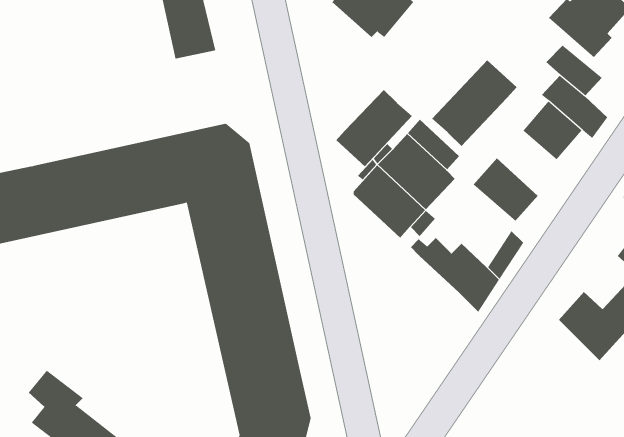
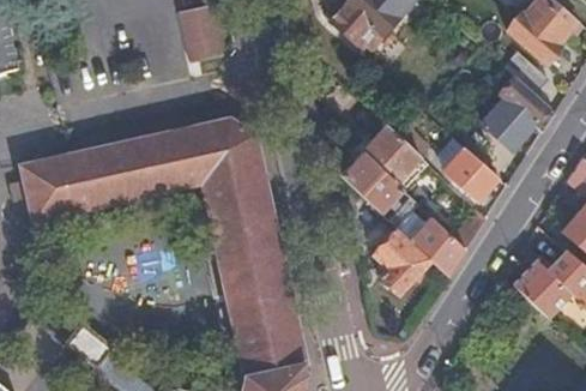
building: [431,59,517,147] -> none
building: [336,89,413,167] -> none
building: none -> [371,229,430,297]

